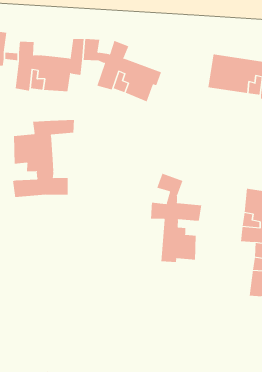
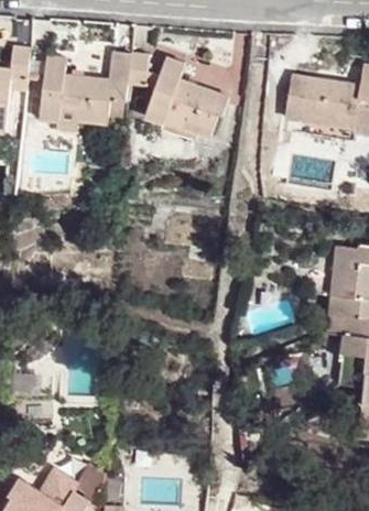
building: [13,119,75,198] -> none
building: [150,173,202,263] -> none

